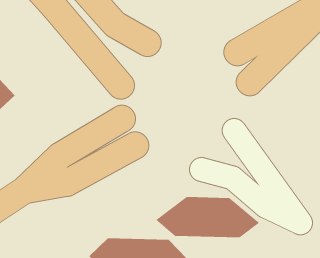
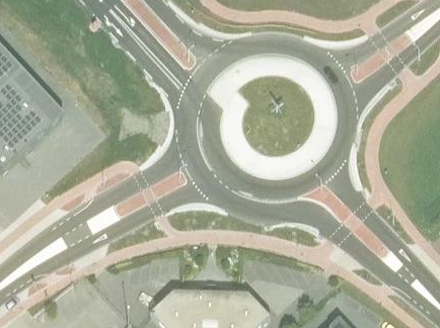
building: [155,196,260,238] -> none

